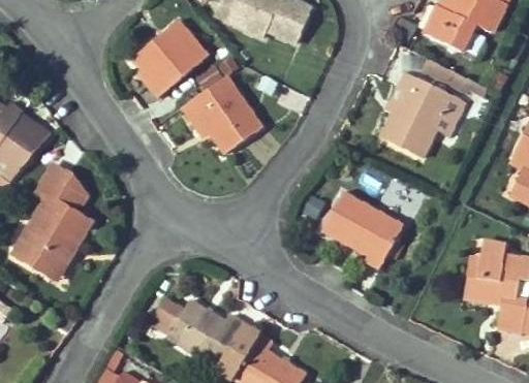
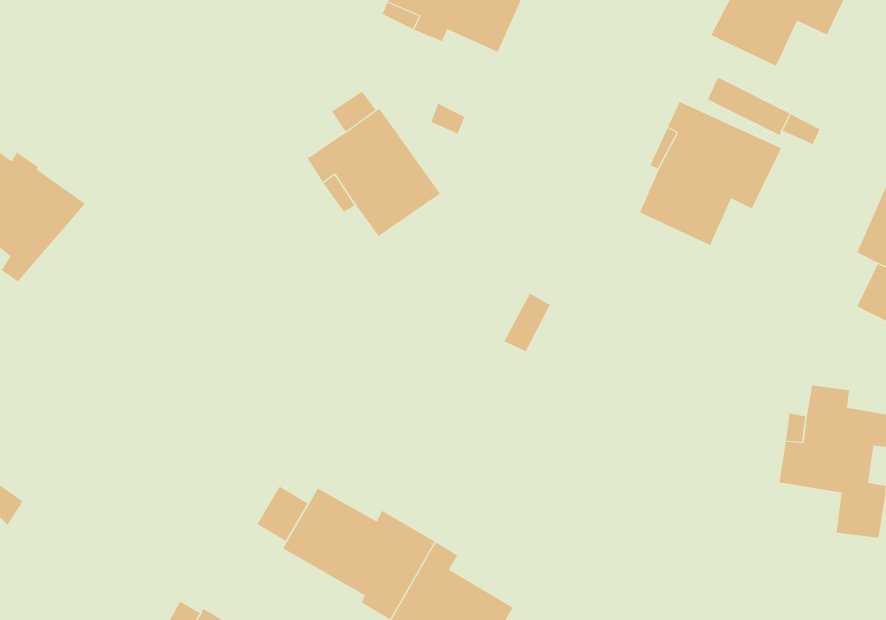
building: [132,19,209,96] -> none
building: [12,163,92,279] -> none
building: [321,190,403,267] -> none

